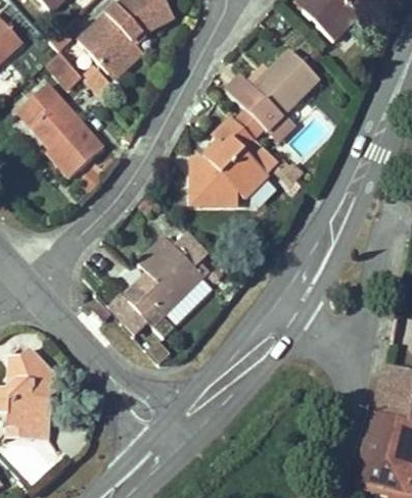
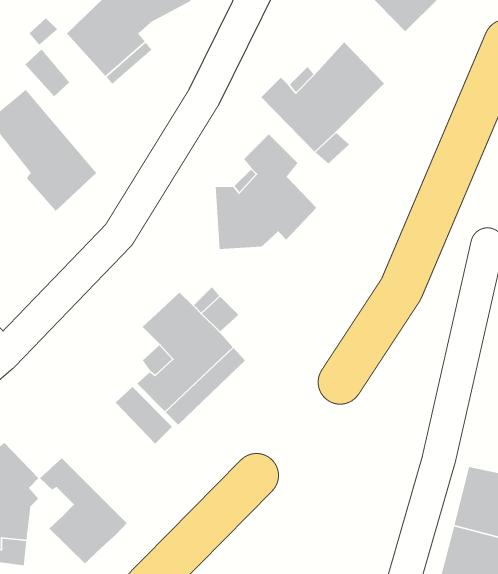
building: none -> [39,457,128,564]

